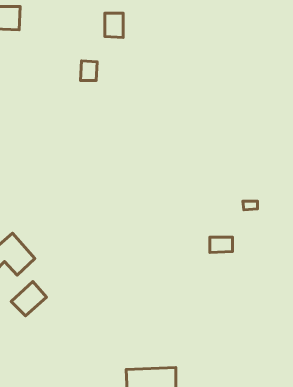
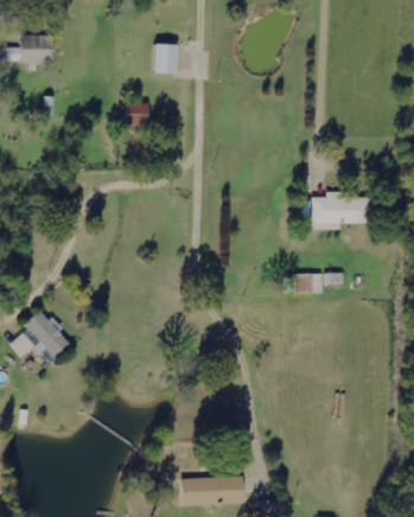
building: none -> [311,191,370,229]
building: [210,237,232,253] -> [294,274,321,293]
building: [11,282,47,316] -> none

